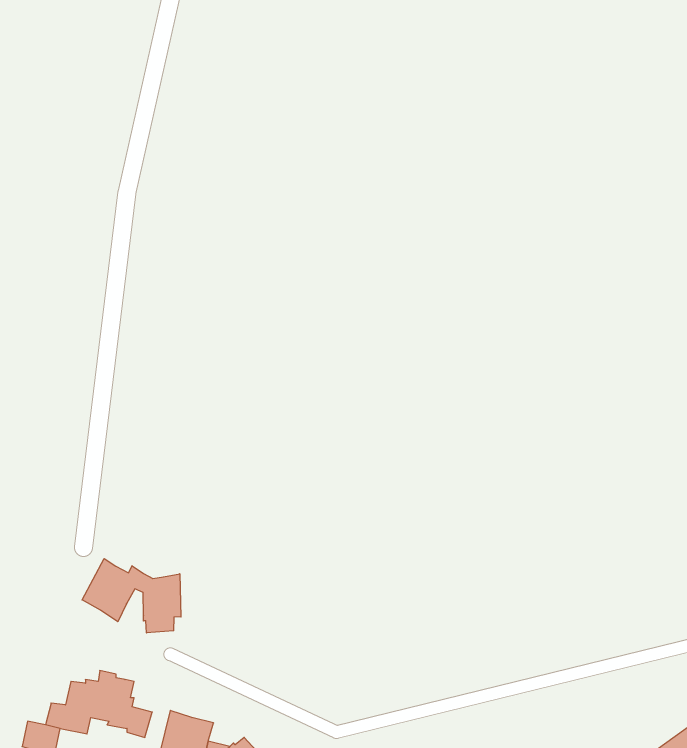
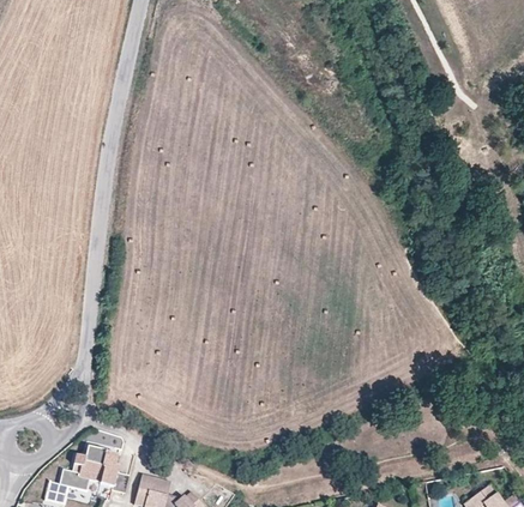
building: [82,559,181,633] -> none

